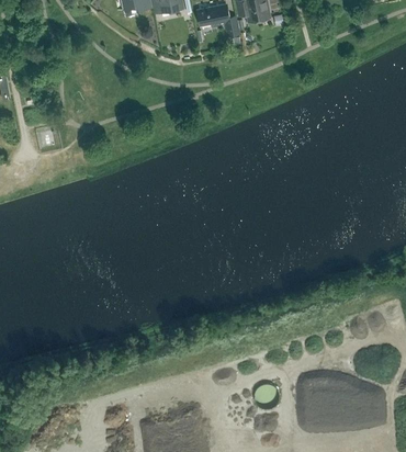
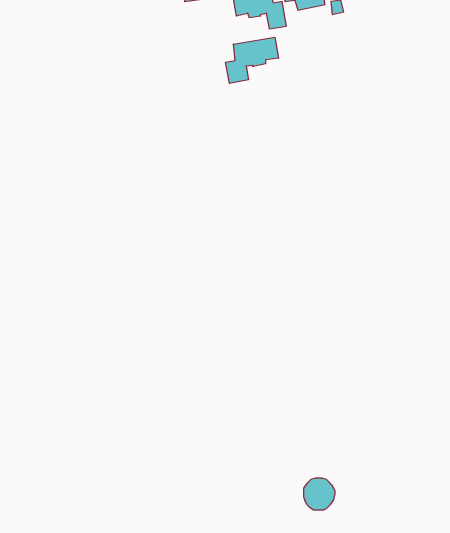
building: none -> [226,37,279,83]

